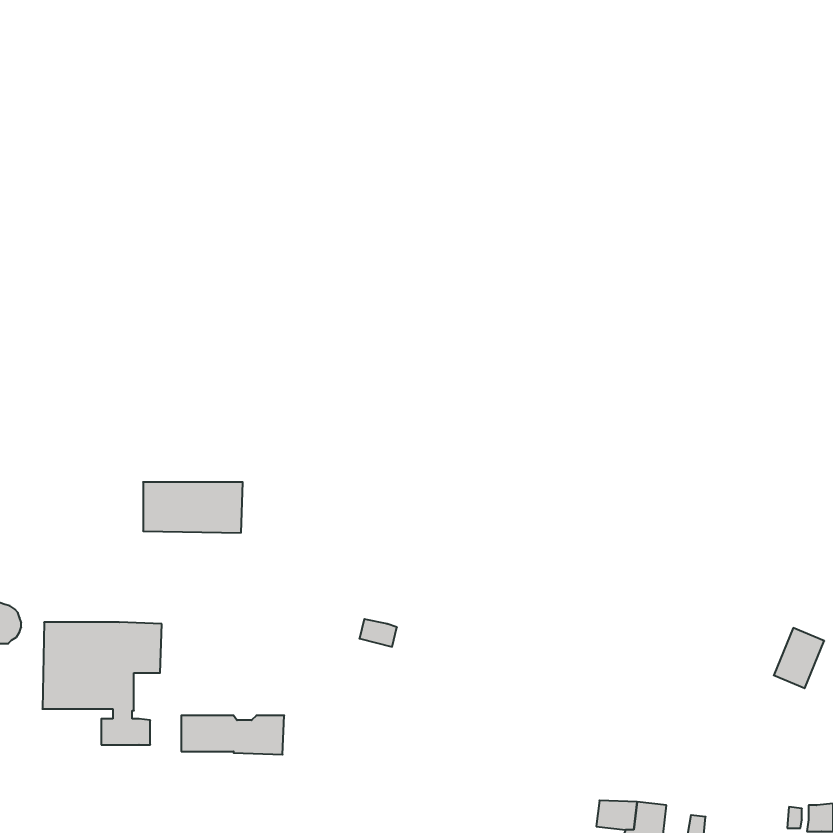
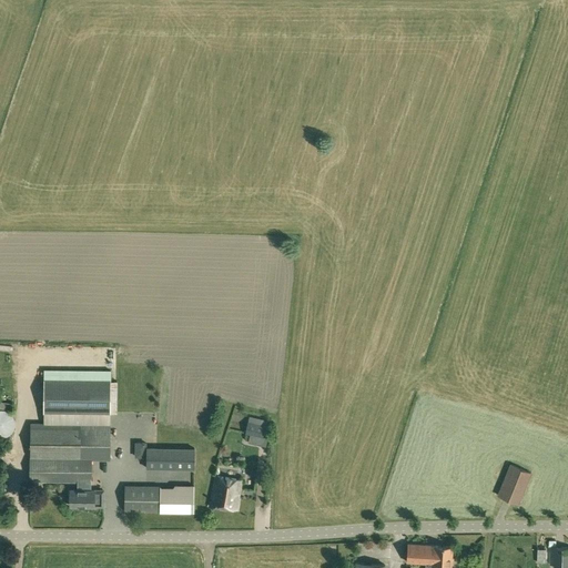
building: [143,482,243,533] -> [42,381,110,415]
building: [774,628,824,688] -> [496,465,530,506]
building: none -> [148,447,194,469]
building: none -> [210,478,240,510]

